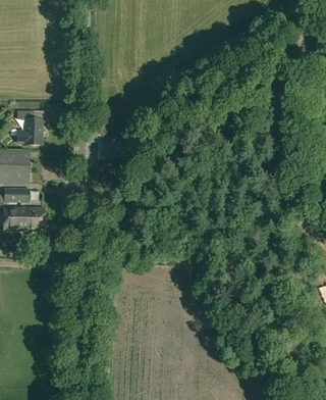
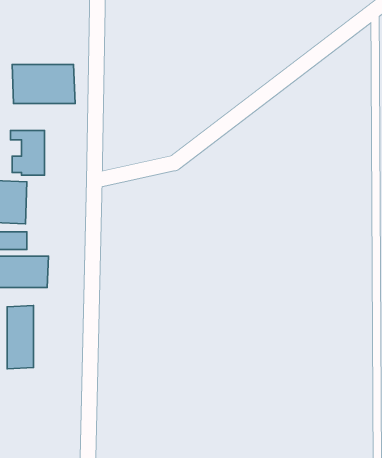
building: none -> [12,65,75,103]
building: none -> [7,305,33,369]

